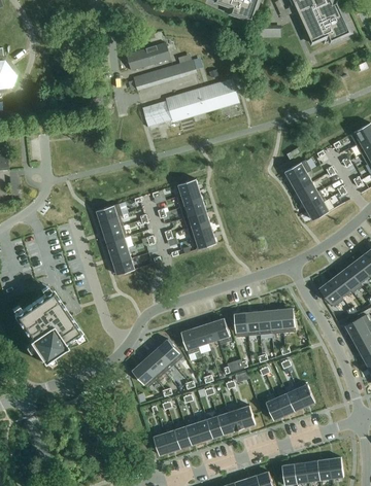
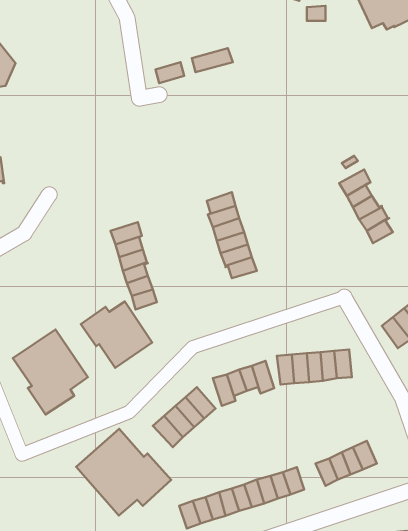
building: [127,42,171,70] -> none
building: [142,79,238,127] -> none
building: none -> [81,302,152,368]
building: none -> [76,429,171,515]

